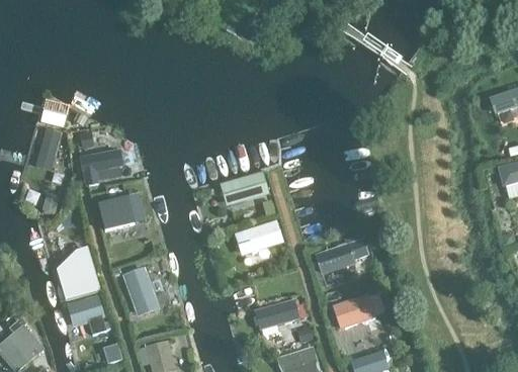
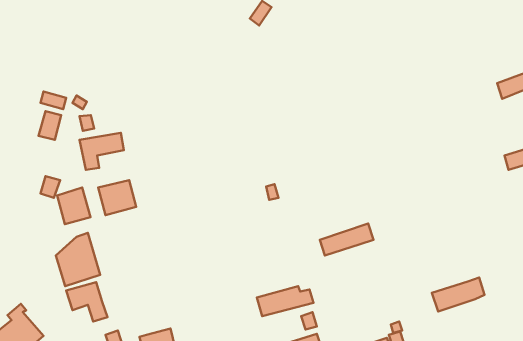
building: [221,171,269,205] -> none
building: none -> [57,188,90,224]
building: [235,219,283,255] -> none
building: [123,268,157,315] -> none
building: [333,292,384,326] -> [432,277,484,311]

